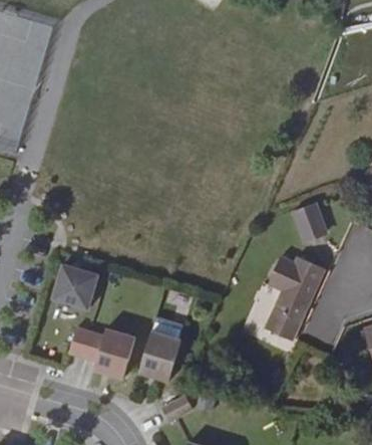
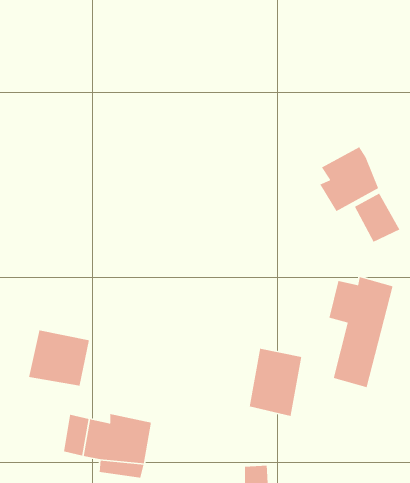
building: none -> [319,146,379,212]
building: [138,336,181,389] -> [249,348,302,417]

